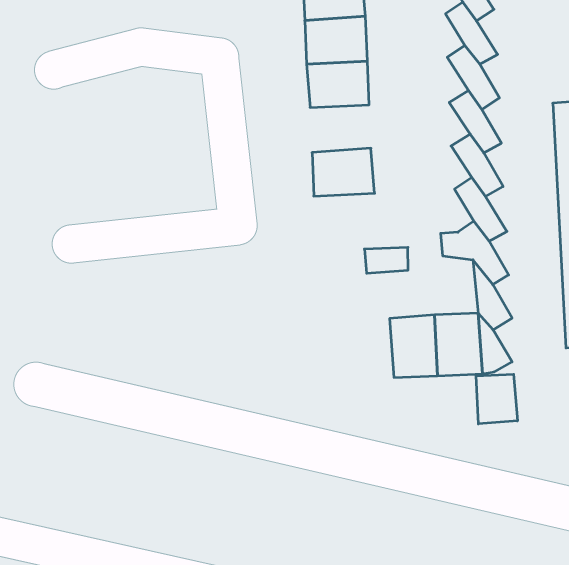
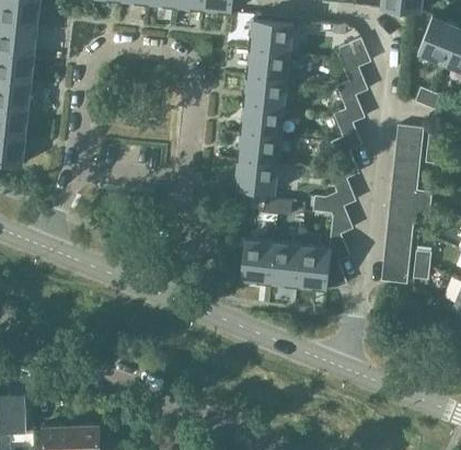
building: none -> [242,104,283,136]
building: none -> [235,160,277,193]
building: none -> [241,241,274,281]
building: [476,374,517,424] -> none

